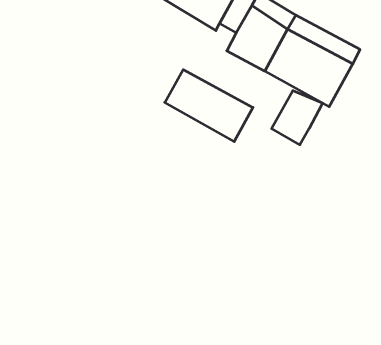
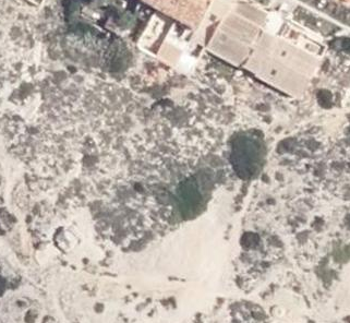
building: [165,70,253,142] -> none
building: [272,91,323,145] -> none

